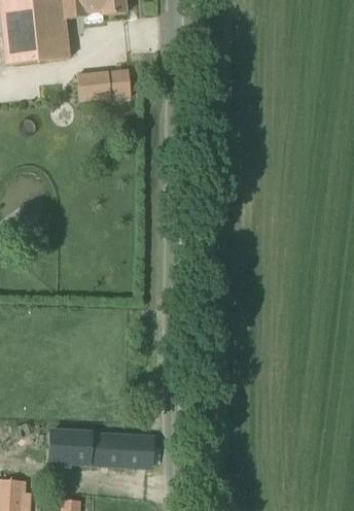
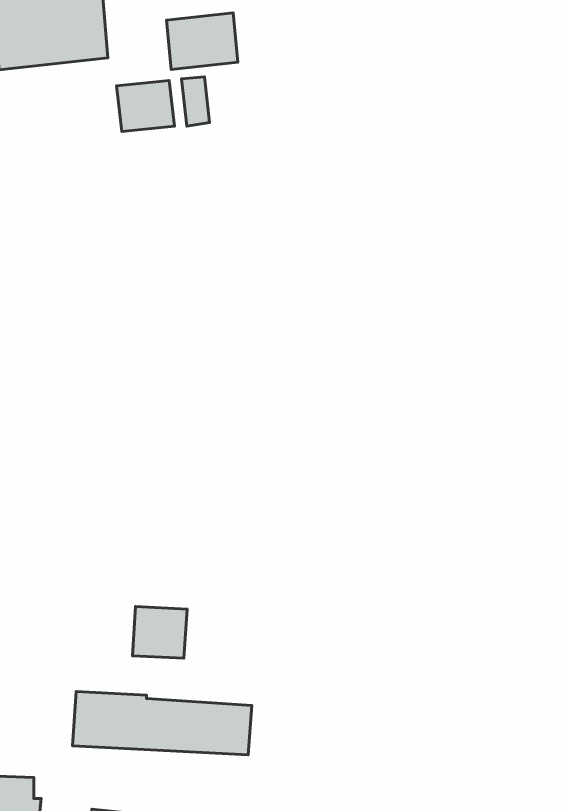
building: none -> [167,13,238,70]
building: none -> [132,607,187,658]

